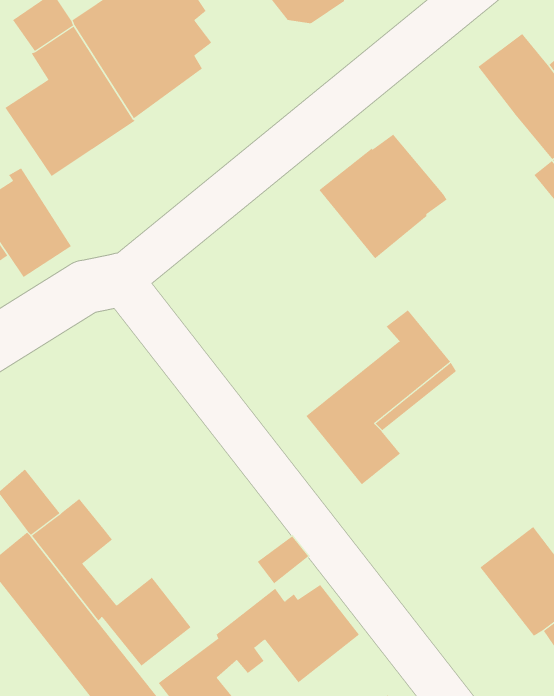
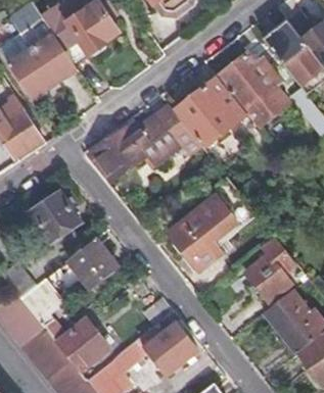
building: none -> [219,53,295,135]
building: none -> [89,104,202,183]
building: none -> [33,191,84,241]
building: none -> [247,236,298,301]
building: none -> [46,238,120,294]

